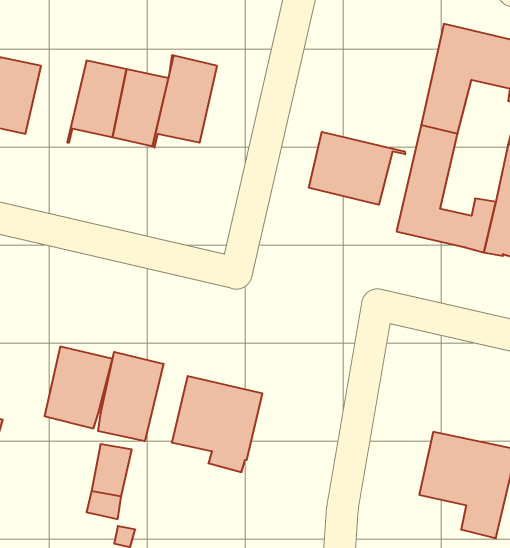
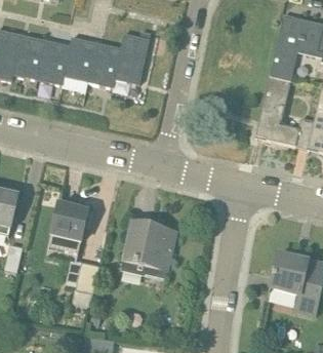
building: none -> [37,36,73,84]
building: [309,132,405,205] -> none
building: [98,352,164,441] -> none

